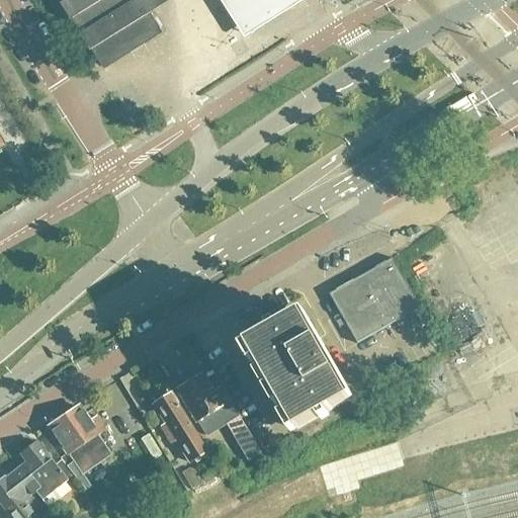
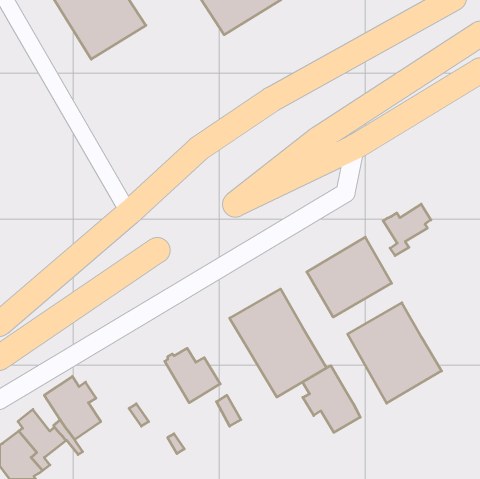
building: none -> [383,204,431,256]
building: none -> [348,303,442,403]
building: [151,387,205,459] -> none
building: none -> [303,366,360,432]

